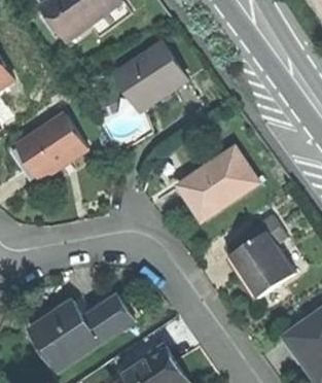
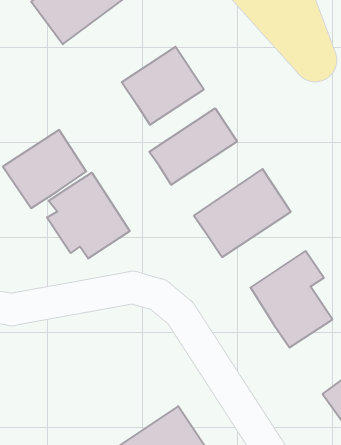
building: none -> [149,108,237,185]
building: none -> [47,173,130,259]
building: [28,294,134,372] -> none

